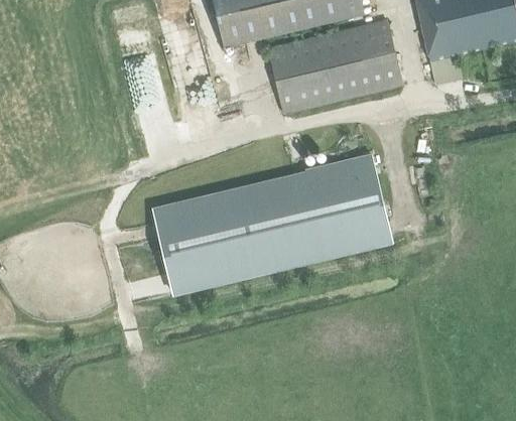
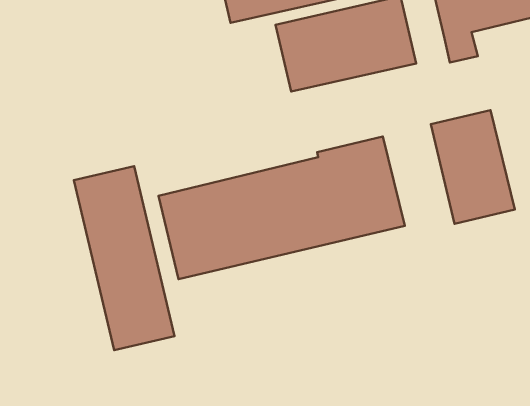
building: none -> [431,110,515,224]
building: none -> [74,166,175,350]

